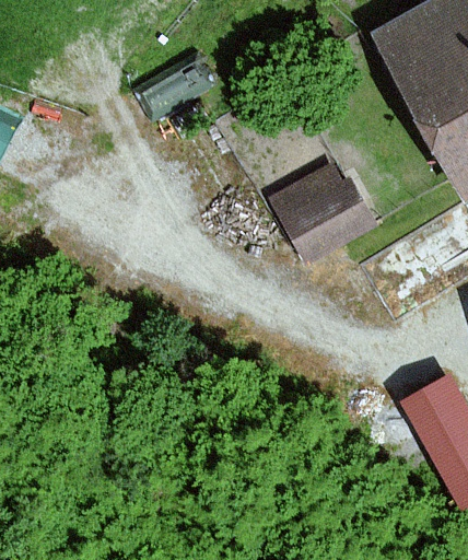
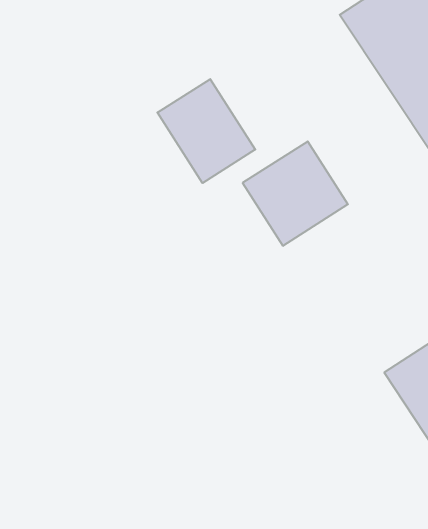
building: none -> [157,79,255,183]

